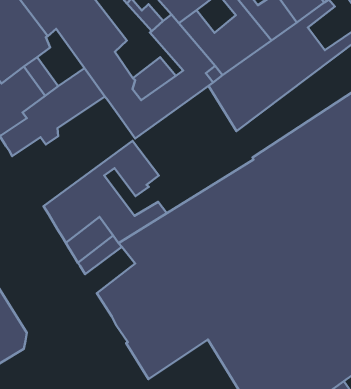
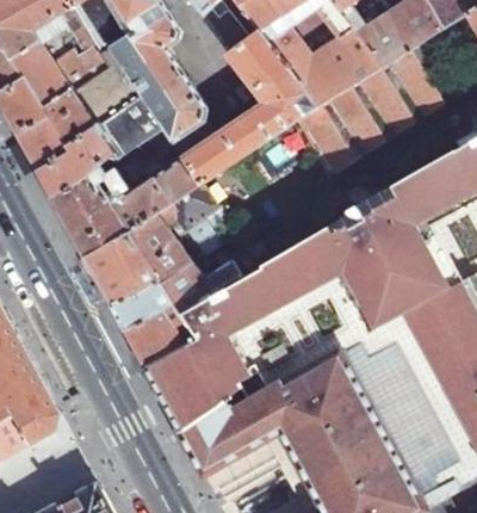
building: none -> [88,42,145,112]
building: none -> [51,128,203,258]
building: none -> [132,313,194,367]

